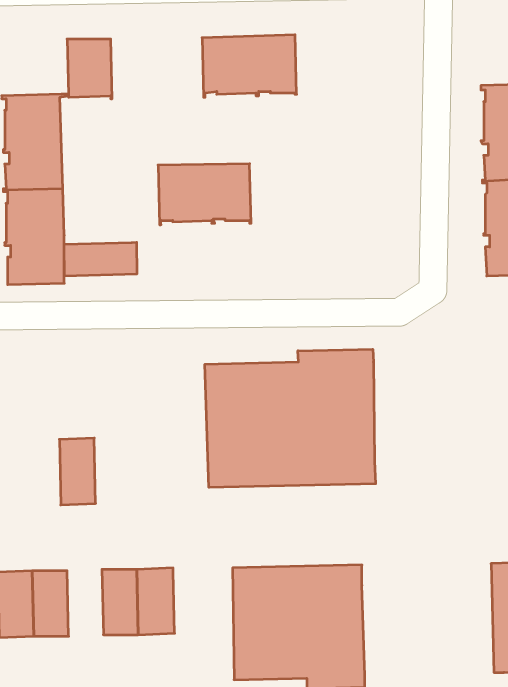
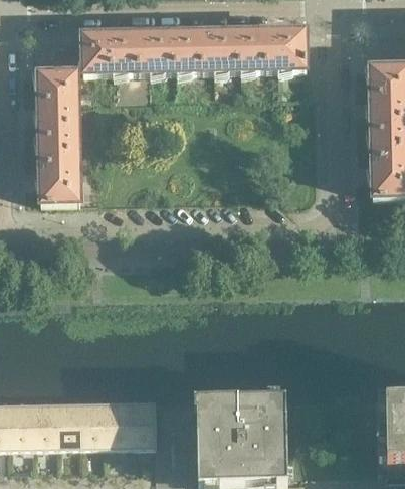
building: none -> [239,29,306,71]
building: [158,164,251,225] -> [112,32,176,74]
building: [64,242,137,276] -> none
building: [205,349,376,487] -> none
building: [59,438,96,505] -> [81,400,107,447]

